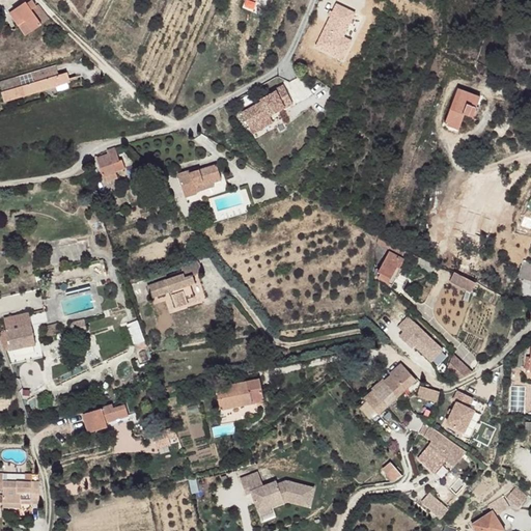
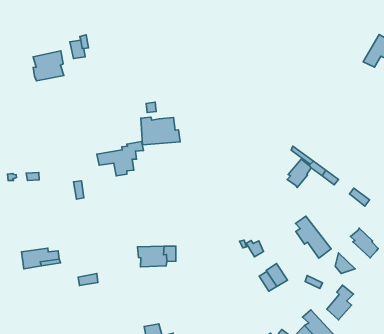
building: [239,84,292,132] -> none
building: [177,166,228,204] -> [141,117,180,145]
building: none -> [33,51,64,81]
building: none -> [351,228,378,258]
building: [384,362,416,395] -> none

